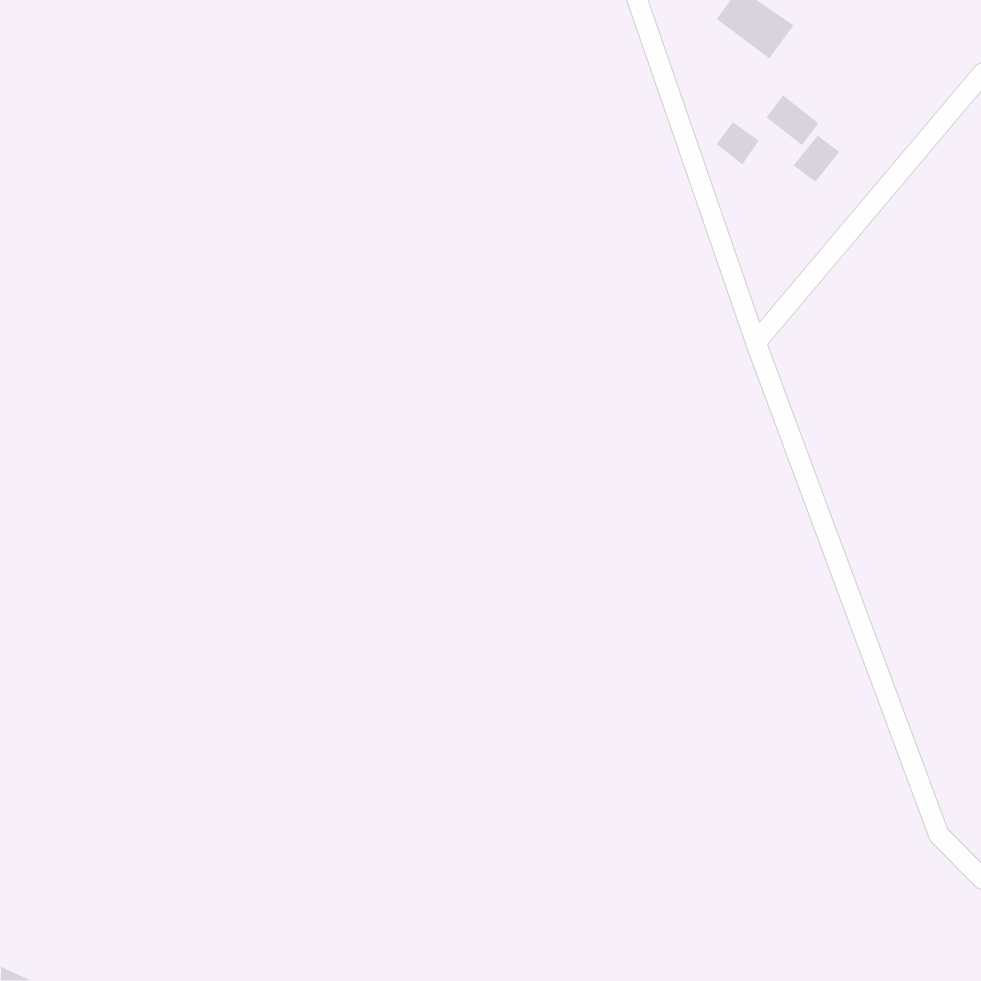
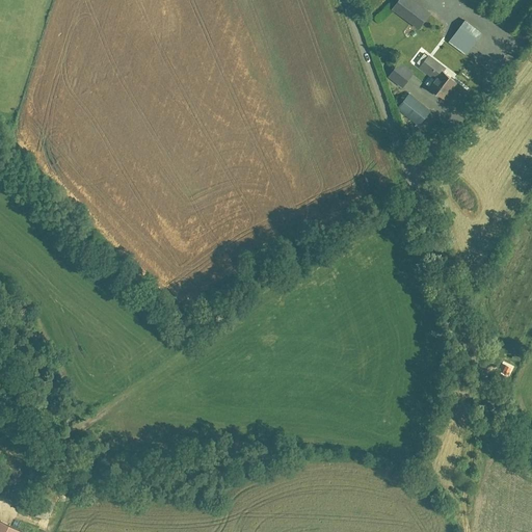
building: none -> [447,21,482,57]
building: none -> [398,94,429,125]

